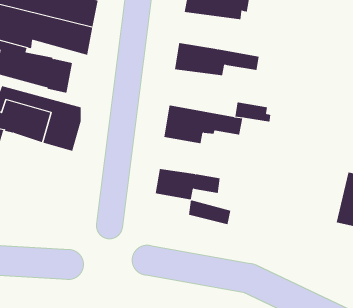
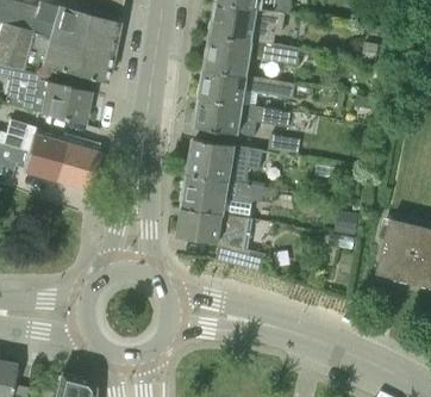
building: none -> [205,35,299,75]
building: none -> [195,98,289,136]
building: none -> [183,173,267,213]

